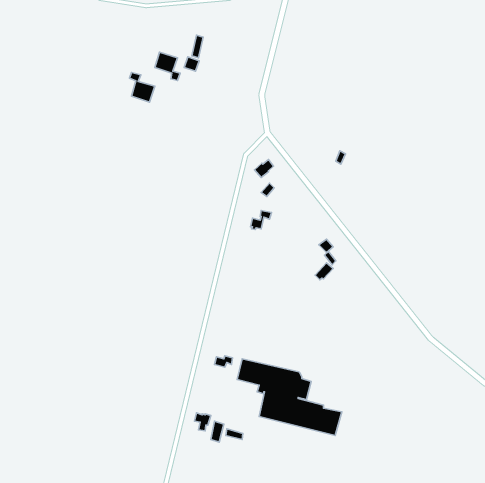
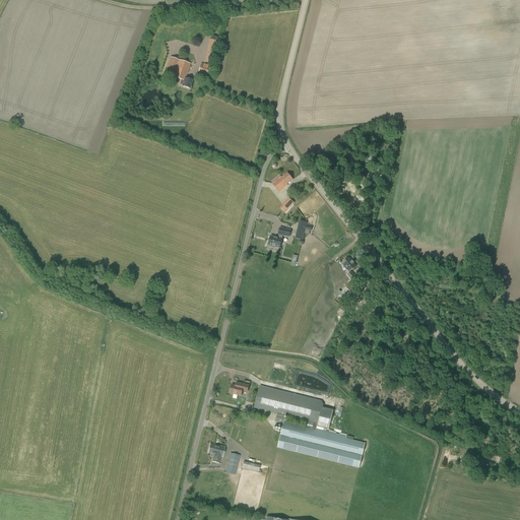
building: [129,72,155,102] -> none

